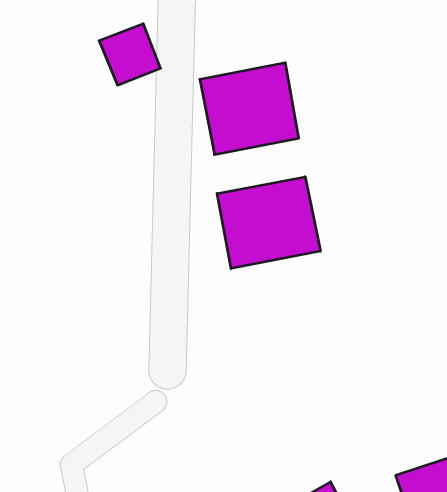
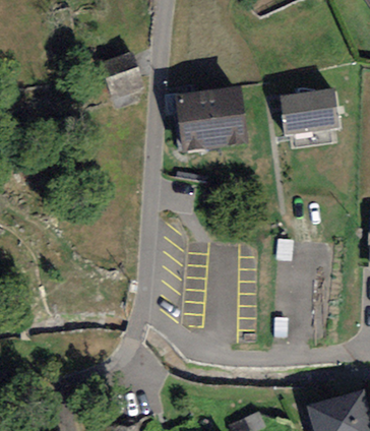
building: none -> [281,87,338,134]
building: [217,177,320,269] -> none

